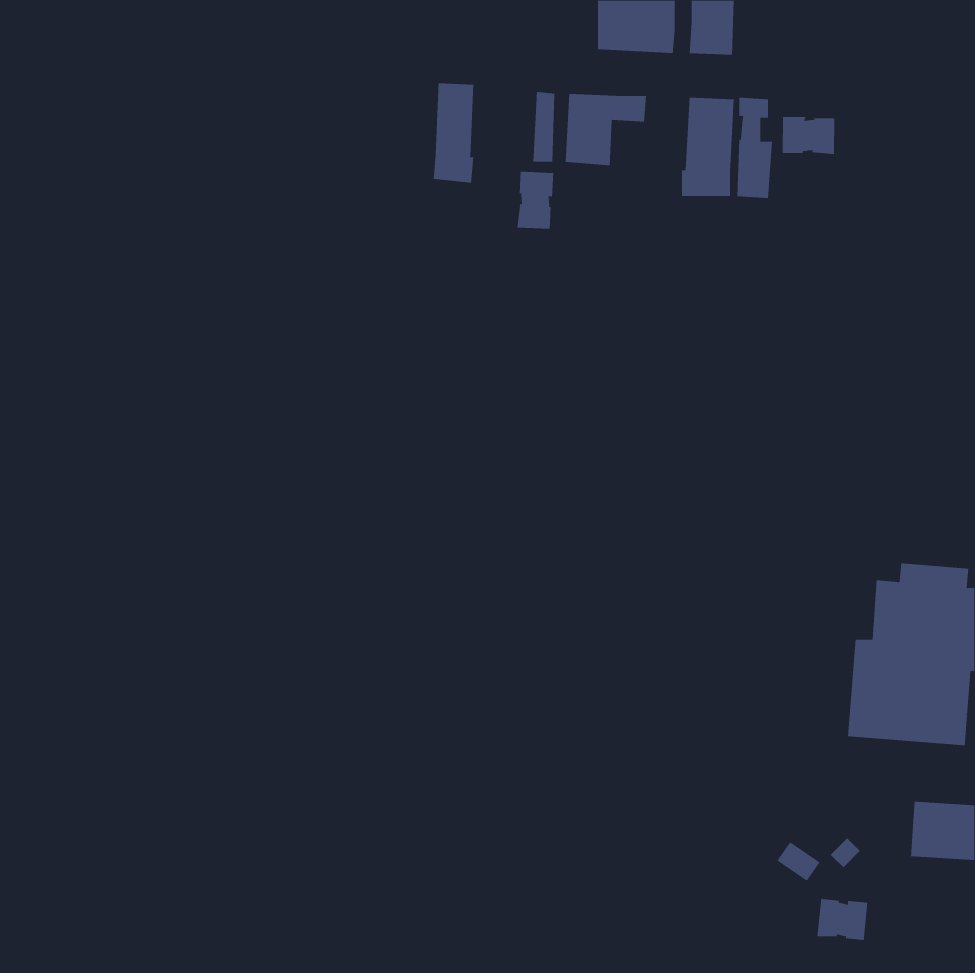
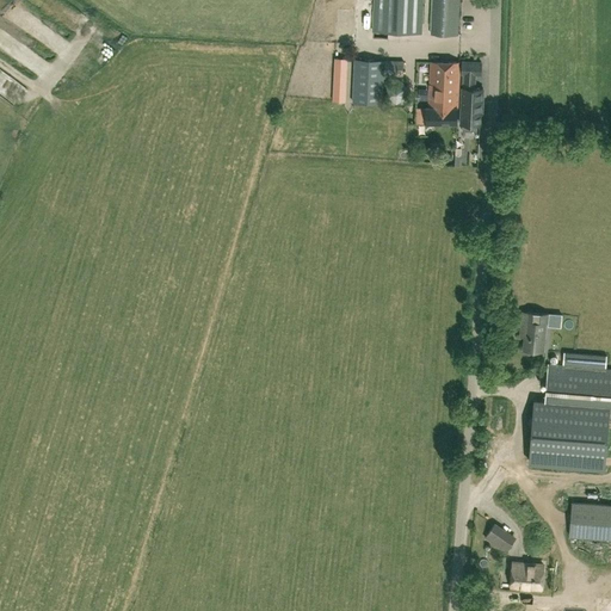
building: [433,82,474,183] -> none
building: [782,116,835,155] -> none
building: [517,171,554,230] -> none
building: none -> [520,313,551,352]

